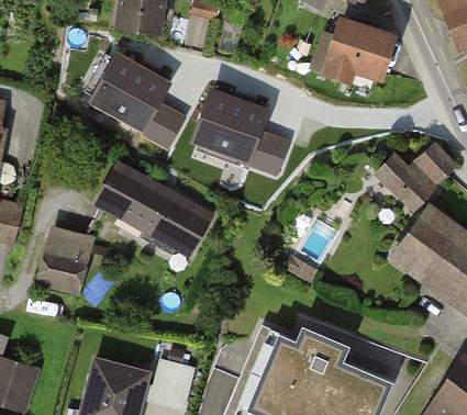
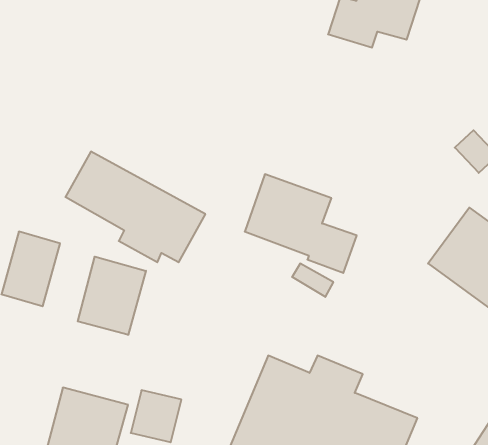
building: [92,55,182,146] -> none
building: [194,91,287,172] -> [245,174,357,273]
building: [377,155,430,205] -> none
building: none -> [78,257,146,335]

